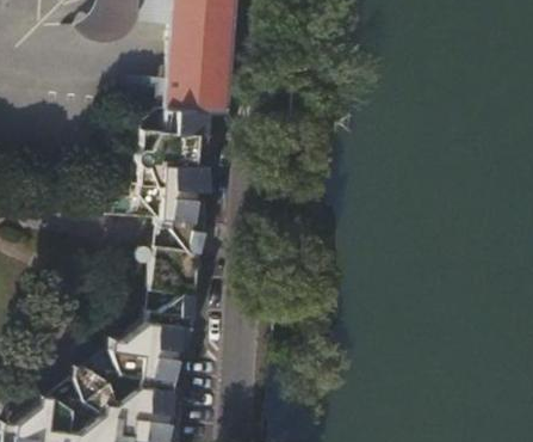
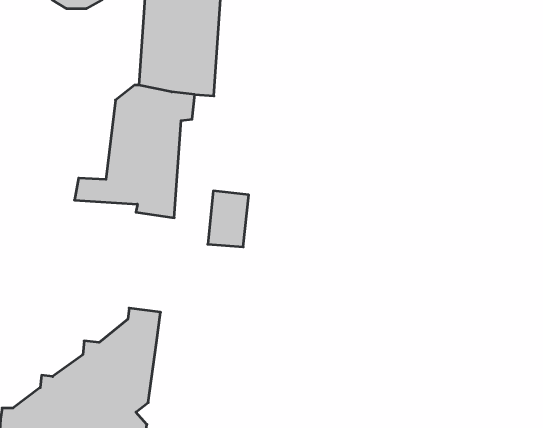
building: [157,233,193,282] -> [208,191,249,247]

